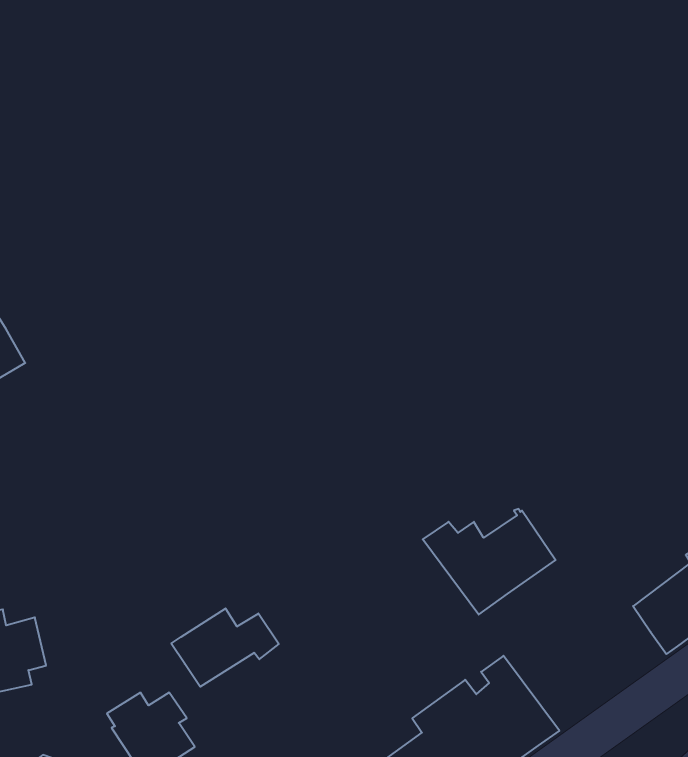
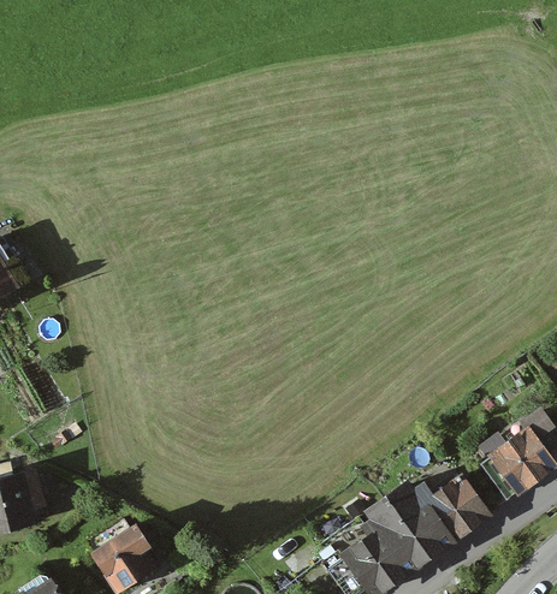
building: [423,509,556,615] -> [387,476,487,556]
building: [171,608,279,687] -> none

